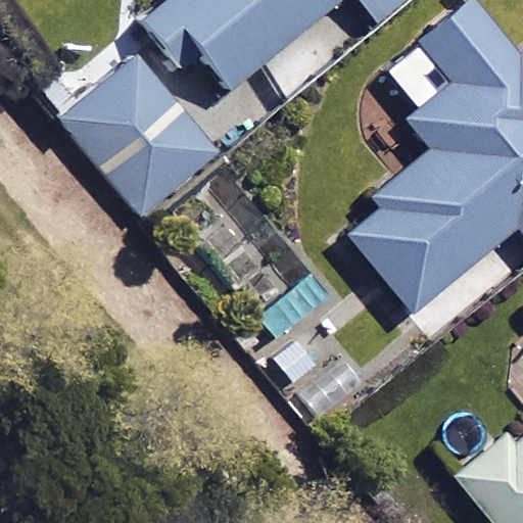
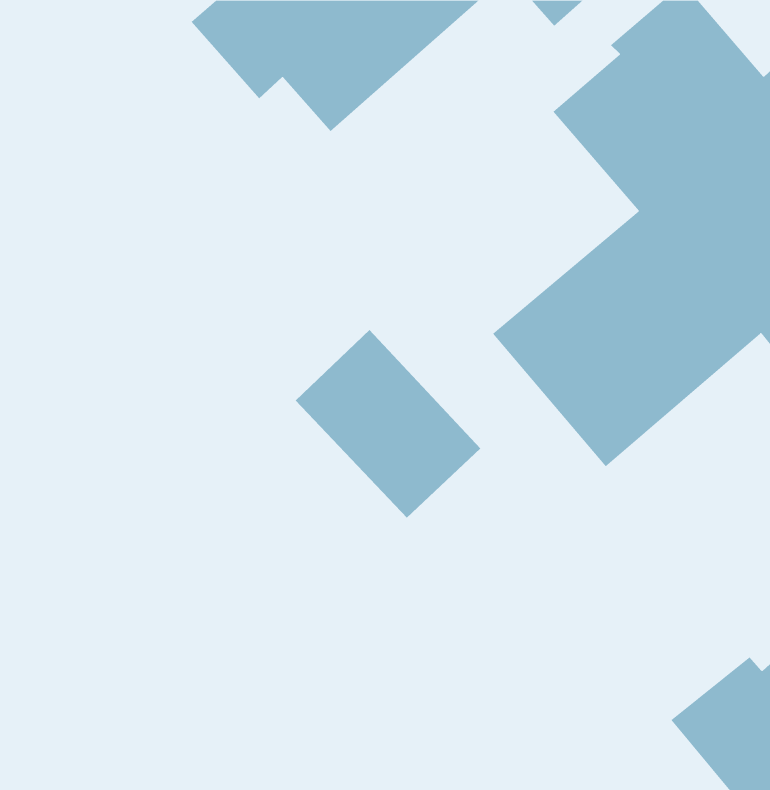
building: [63,57,220,217] -> none

